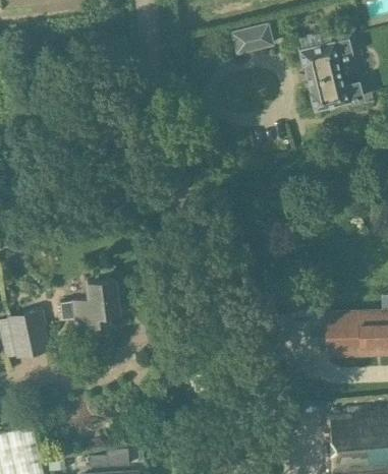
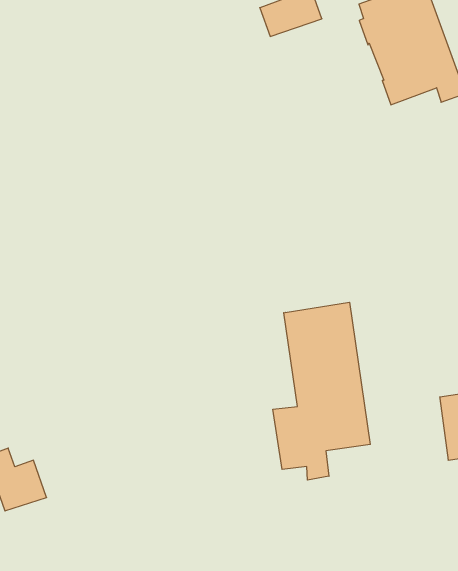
building: none -> [273,302,370,480]
building: [61,280,119,327] -> none

